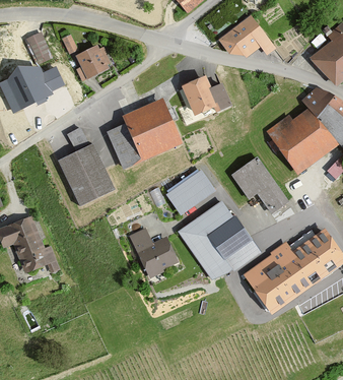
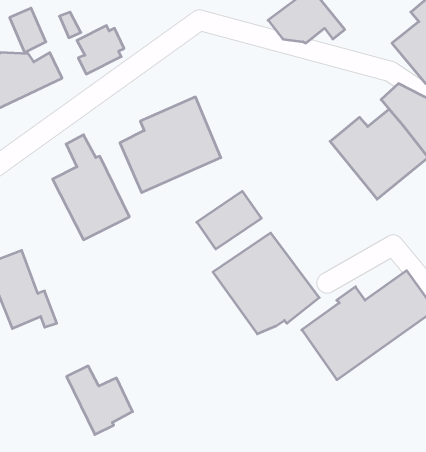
building: [181,76,232,117] -> none
building: [231,156,289,214] -> none
building: [128,227,178,278] -> [67,366,133,435]

